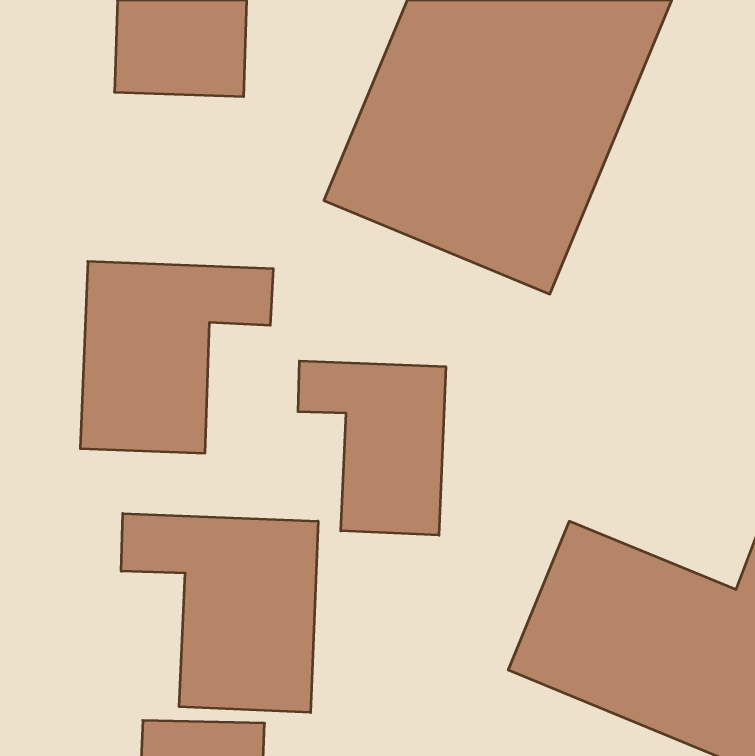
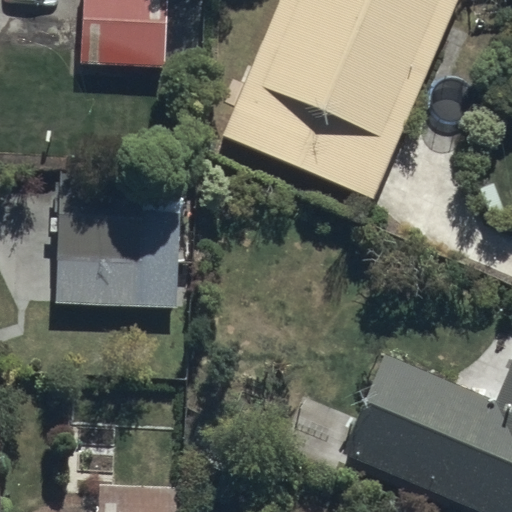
building: [298,361,446,535] -> none
building: [121,513,318,713] -> none

